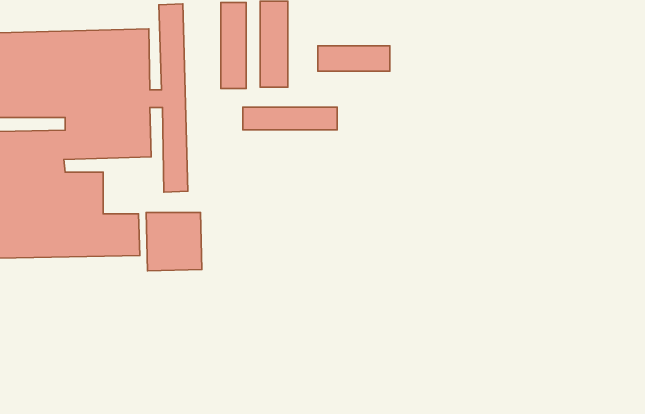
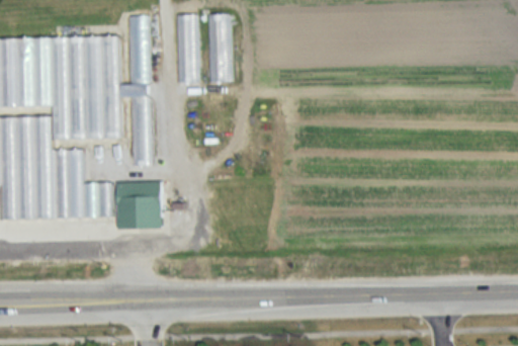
building: [318,46,390,71] -> none
building: [243,107,337,130] -> none

